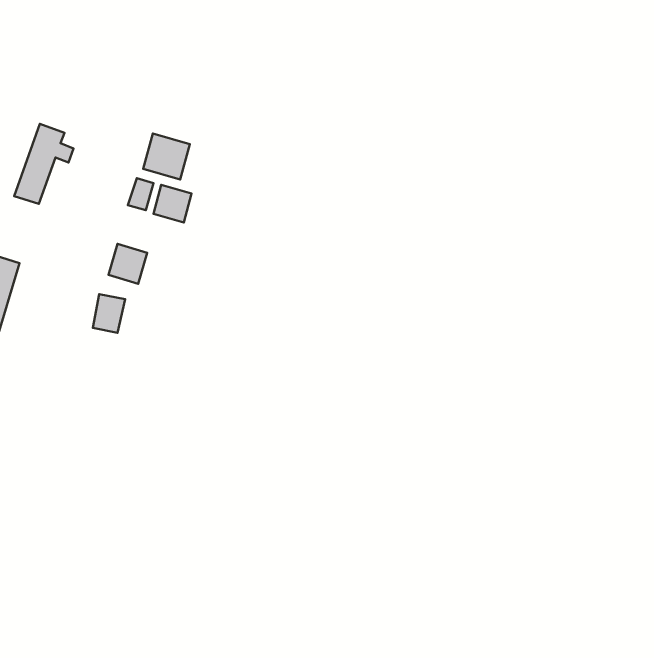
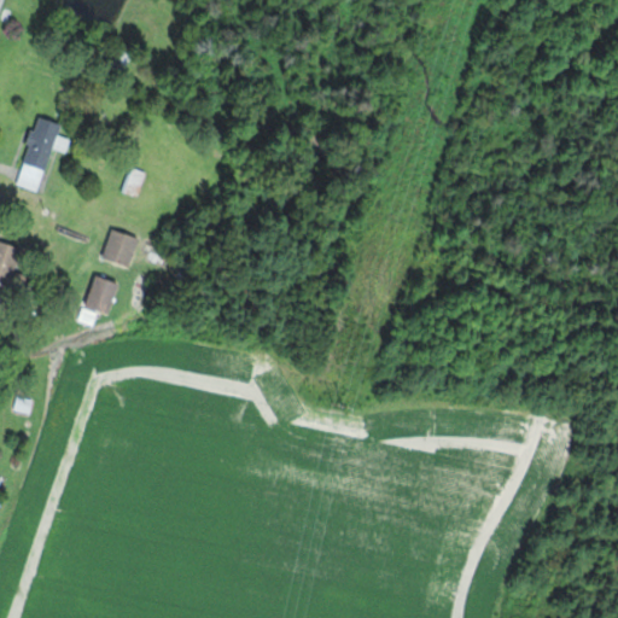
building: [143,134,190,180] -> none
building: [153,185,192,222] -> none

